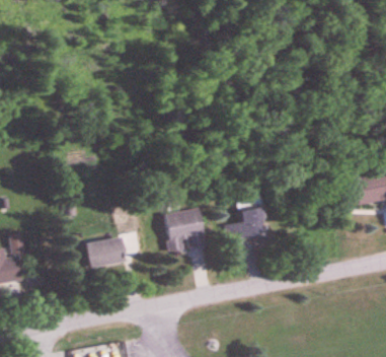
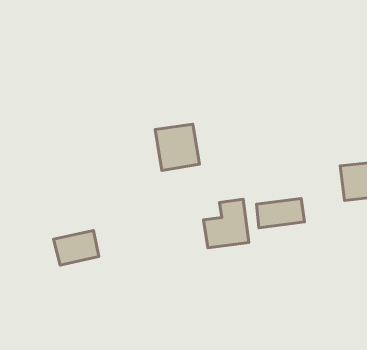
building: none -> [257,199,304,228]
building: [163,209,205,253] -> [155,124,199,171]

